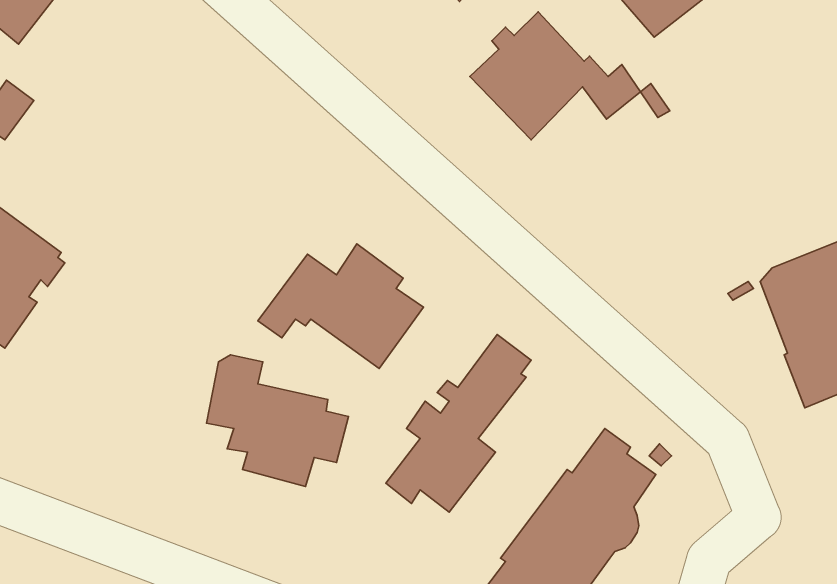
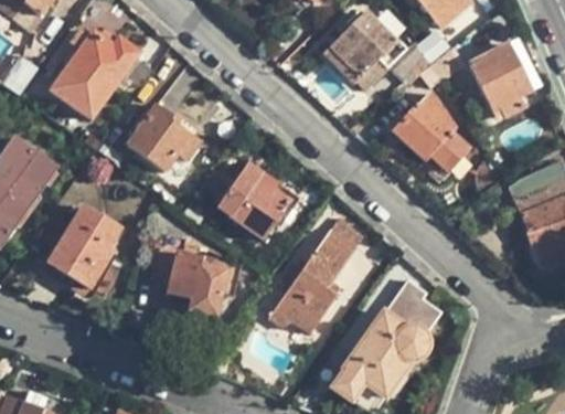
building: none -> [50,28,141,120]
building: none -> [468,39,541,121]
building: none -> [386,91,468,178]
building: none -> [128,104,201,171]
building: none -> [43,205,122,297]

